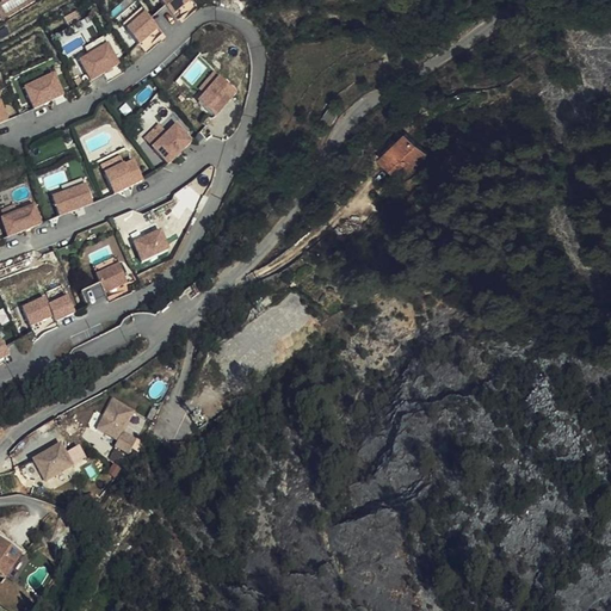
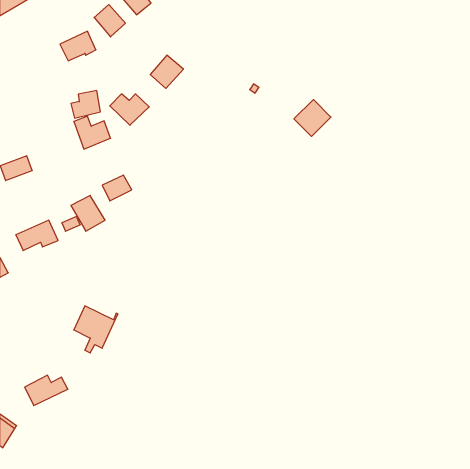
building: [23,72,64,107] -> none
building: [53,177,91,212] -> [71,91,100,118]
building: [31,440,87,480] -> [25,375,68,406]

